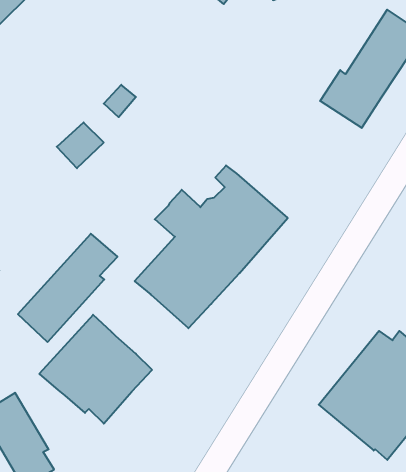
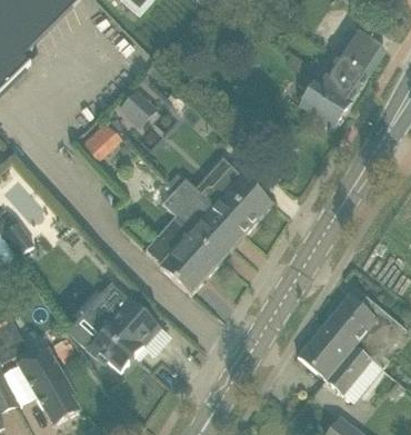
building: [18,234,117,342] -> none

